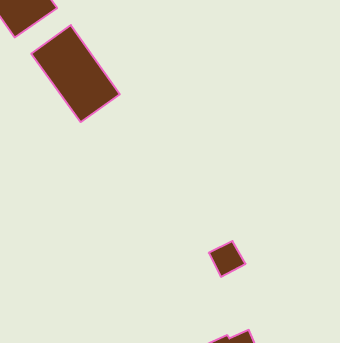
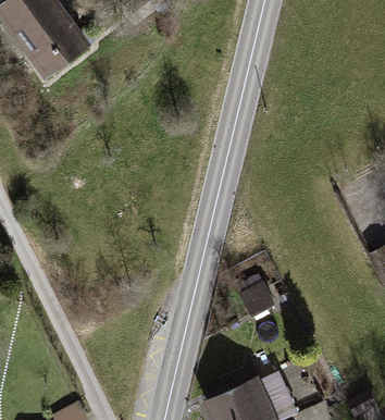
building: [31,25,120,122] -> none

